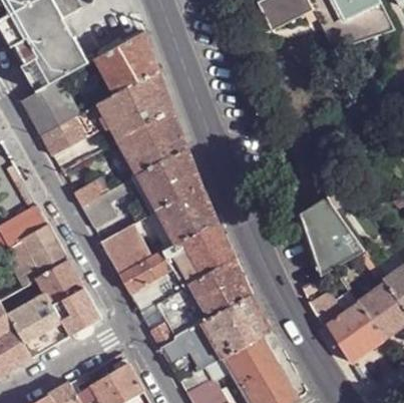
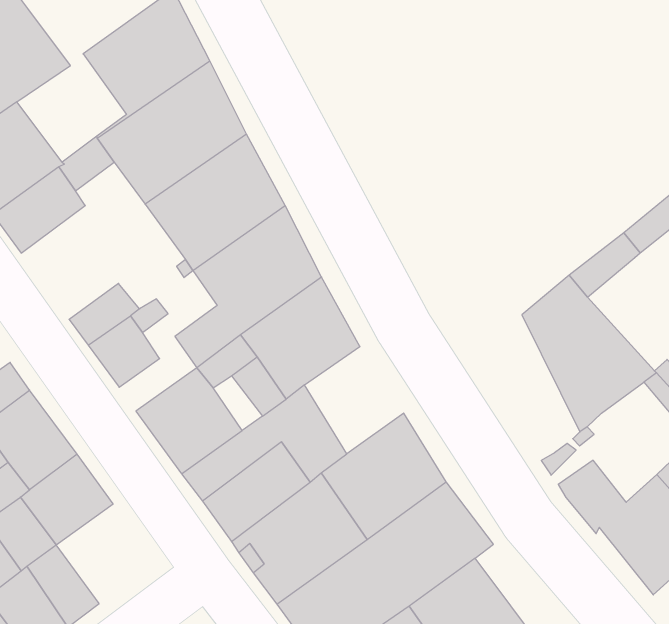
building: [185,222,234,275] -> none
building: [51,286,100,335] -> none

